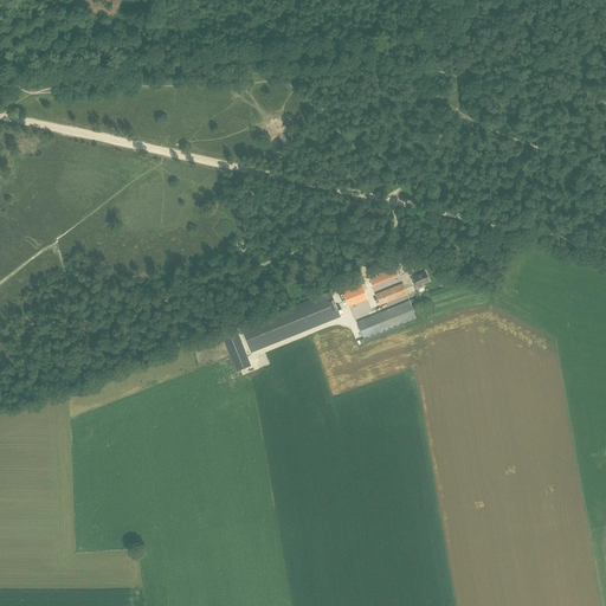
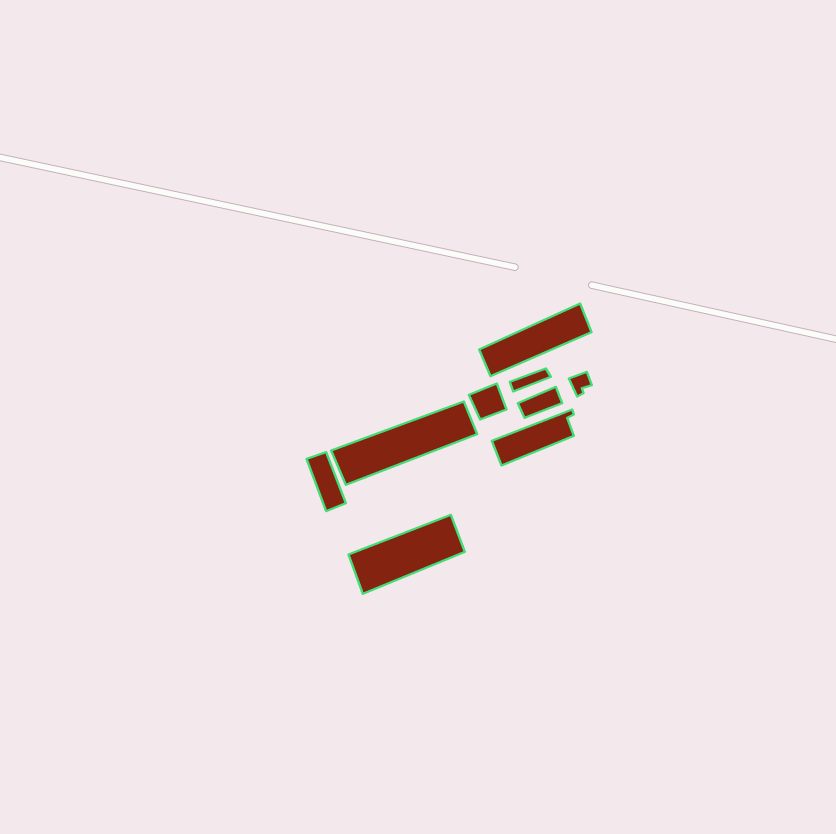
building: none -> [479,303,592,376]
building: none -> [349,515,465,594]

